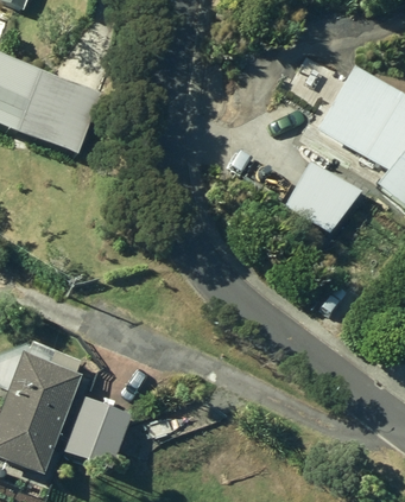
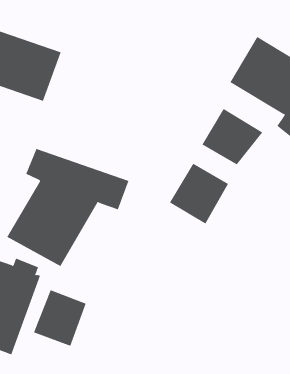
building: none -> [6,148,129,267]
building: none -> [169,163,229,224]

